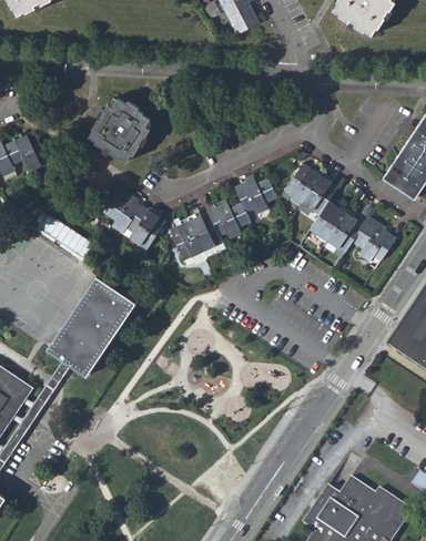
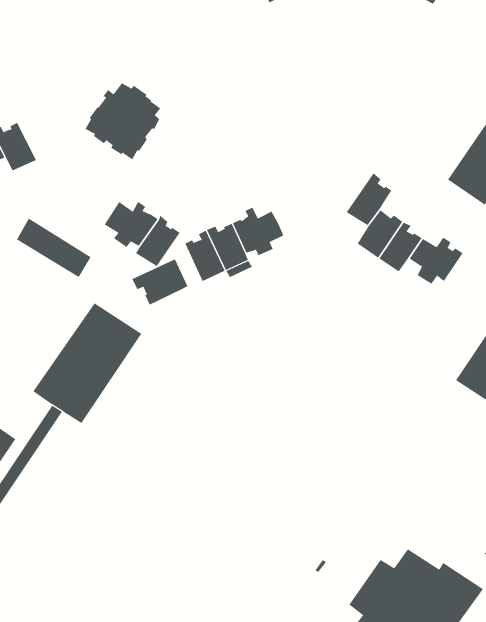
building: [284,163,323,204] -> none
building: [234,175,277,215] -> none
building: none -> [132,258,188,305]

